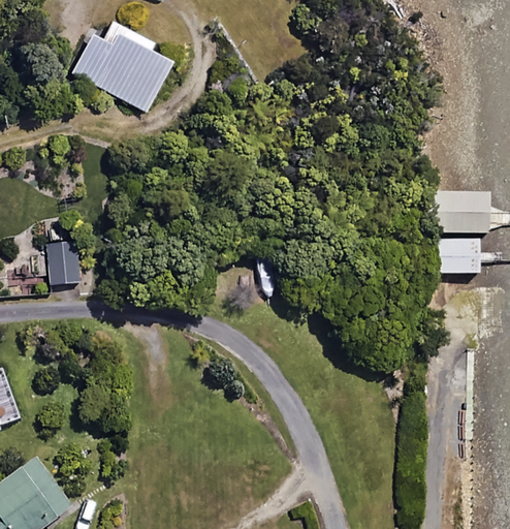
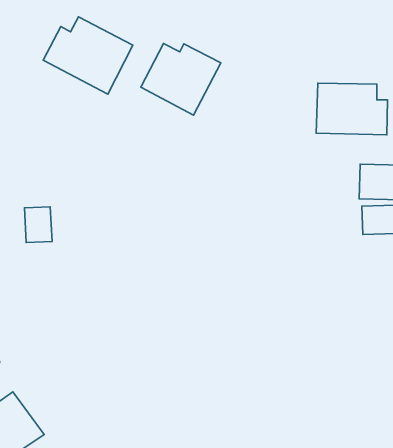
building: none -> [141,43,221,115]
building: none -> [316,83,387,135]

